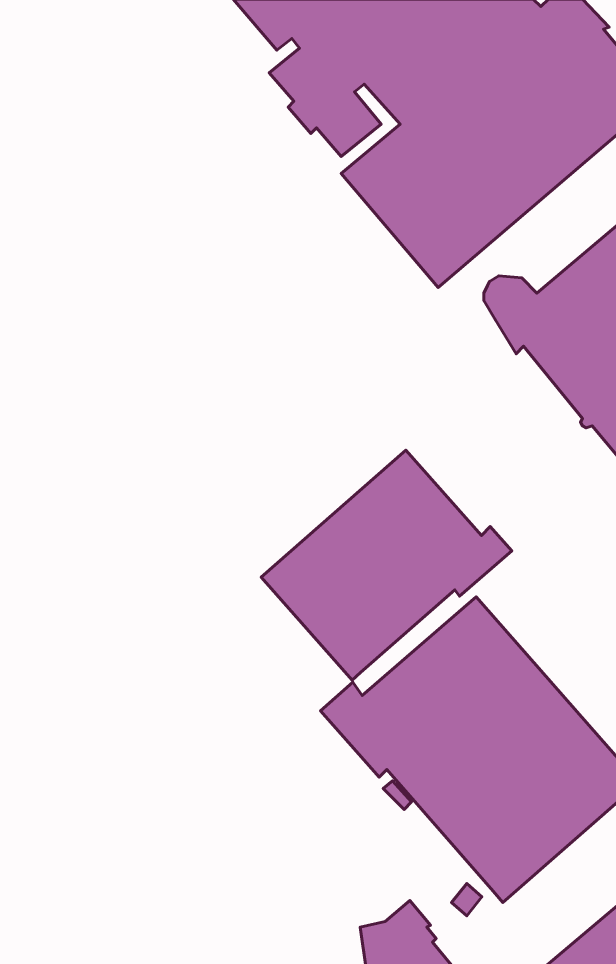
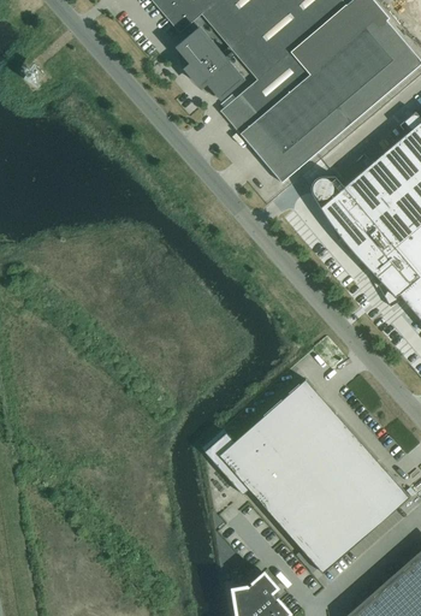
building: [261,450,512,680] -> none

